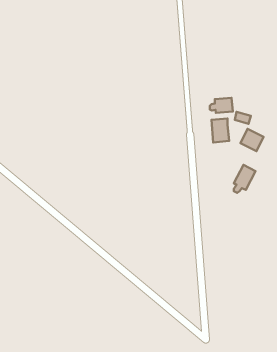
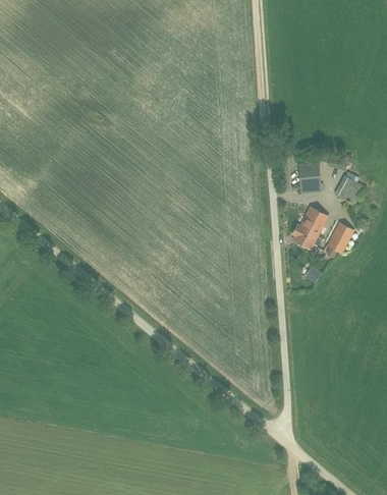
building: [210,98,233,113] -> none
building: none -> [291,206,328,249]

